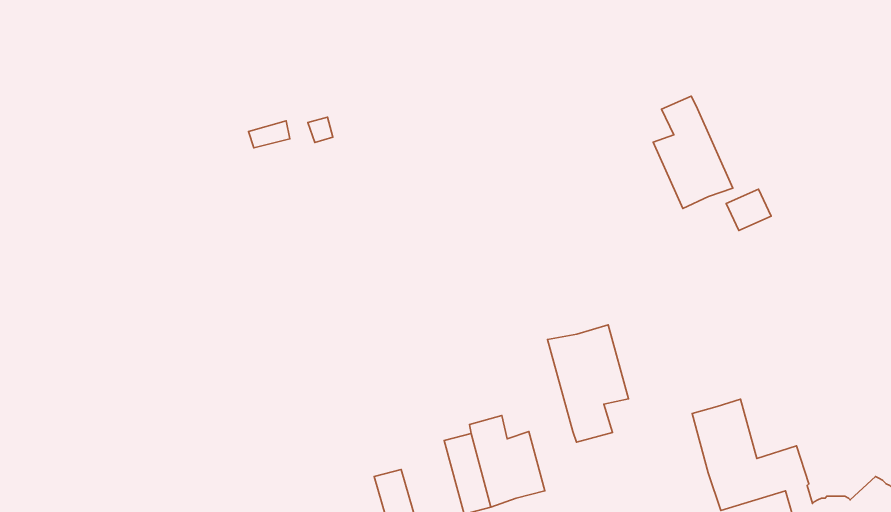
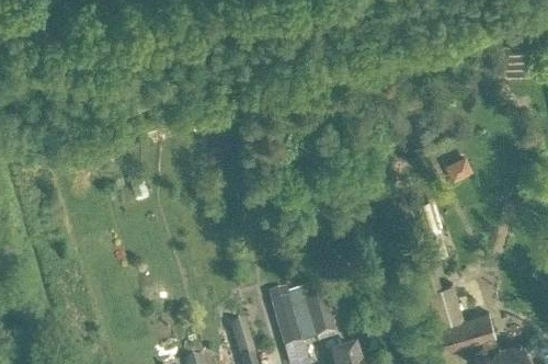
building: [653,96,733,209] -> none
building: [547,325,629,442] -> none

